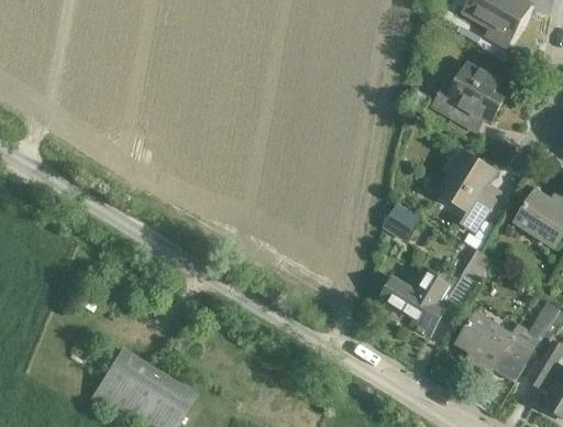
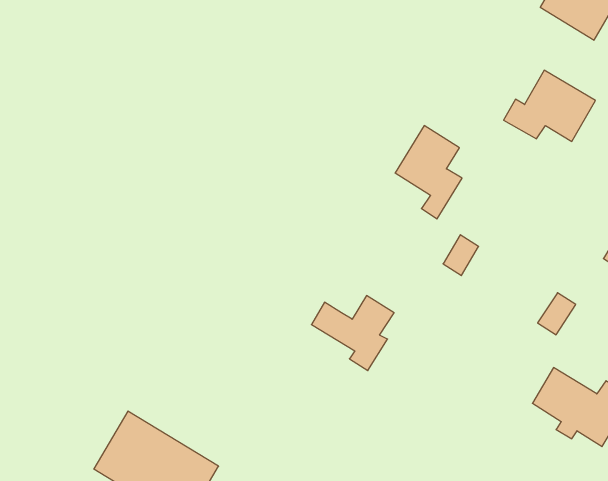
building: [440,153,496,231] -> [395,126,462,219]
building: [380,272,450,335] -> [311,296,394,371]

